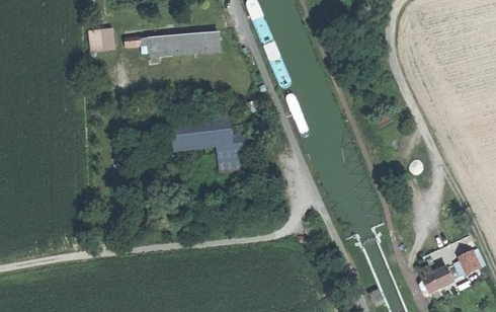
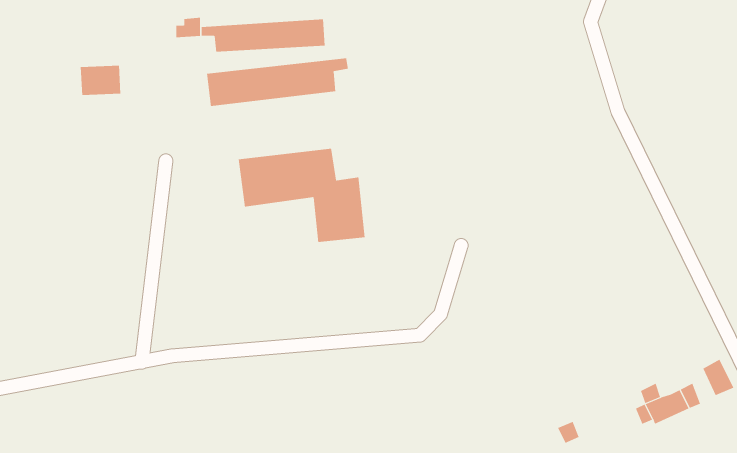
building: [89,30,115,50] -> [80,65,121,96]
building: none -> [206,57,348,107]

